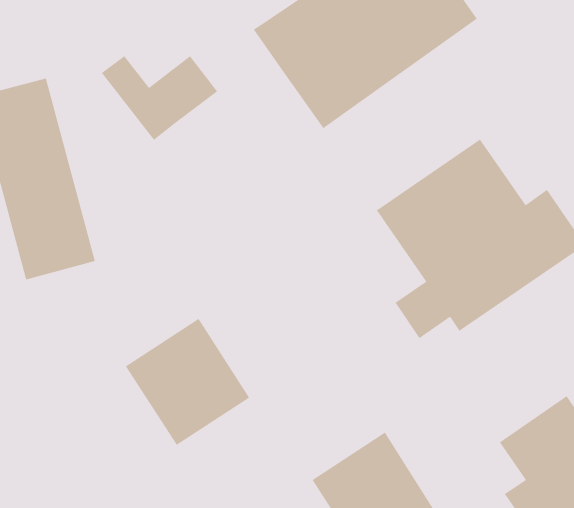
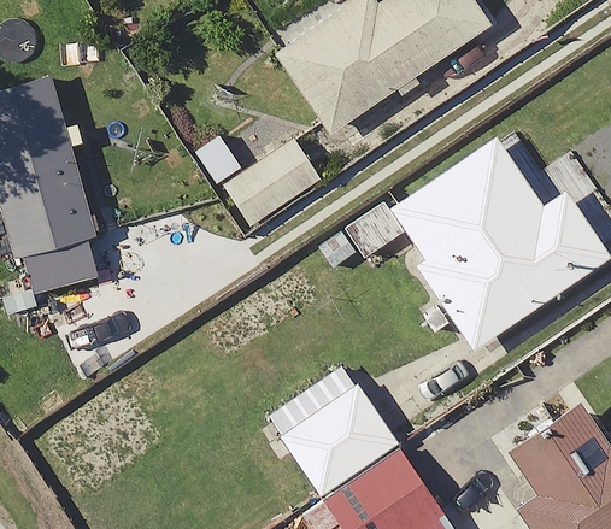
building: [101,55,218,141] -> [202,139,323,227]
building: [125,318,250,446] -> [270,364,399,495]

